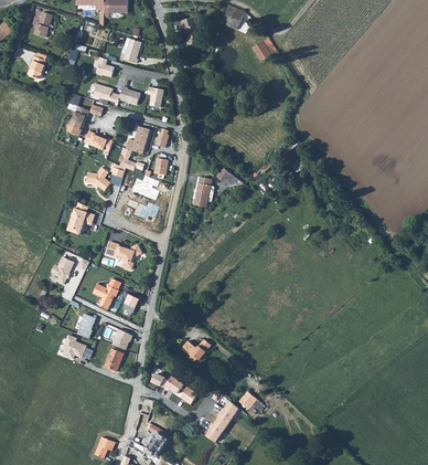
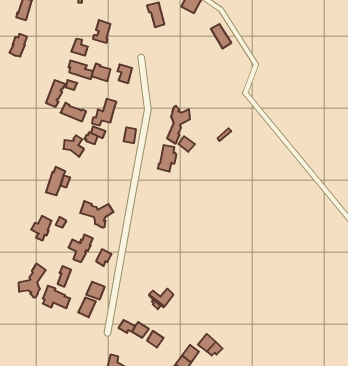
building: none -> [167,106,190,144]
building: none -> [19,263,46,298]

